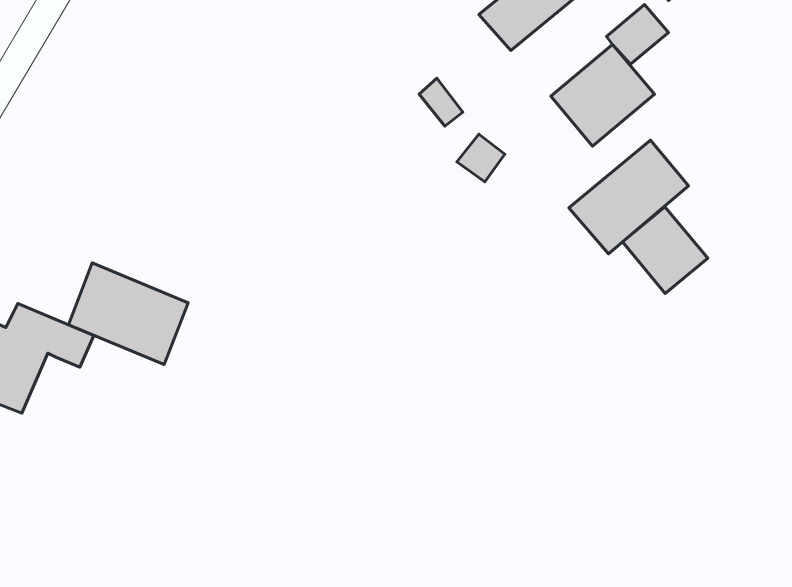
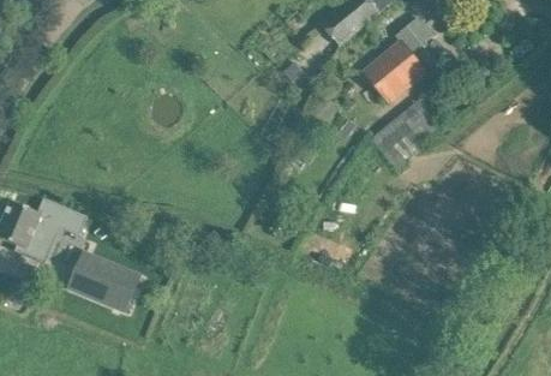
building: [622,207,708,293] -> none
building: [68,263,188,365] -> [68,250,140,311]

